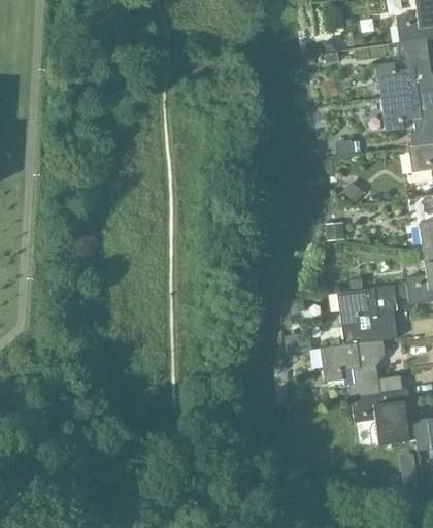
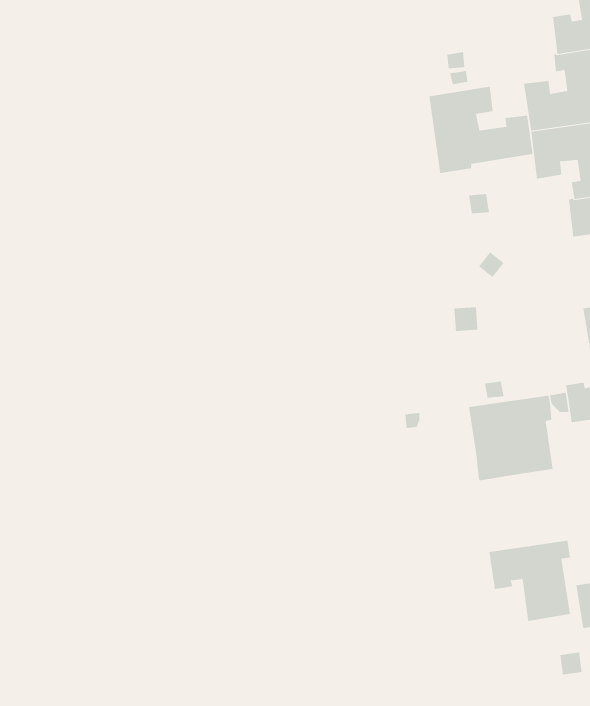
building: none -> [429,86,533,174]
building: [321,340,403,396] -> none

